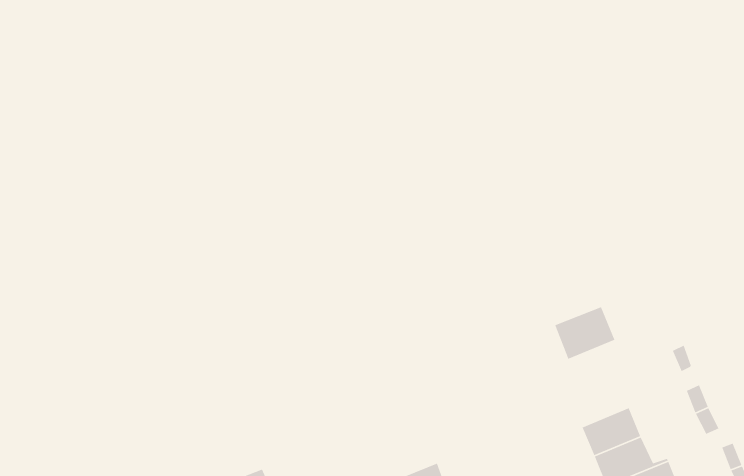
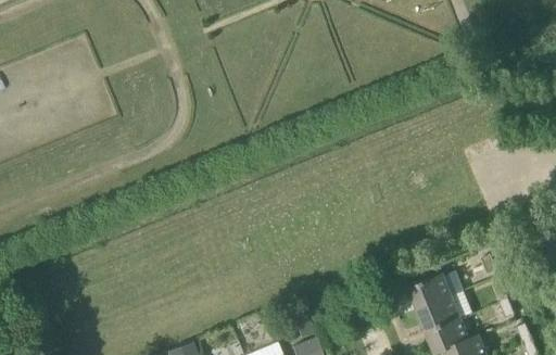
building: [554,306,615,360] -> [408,275,452,313]

